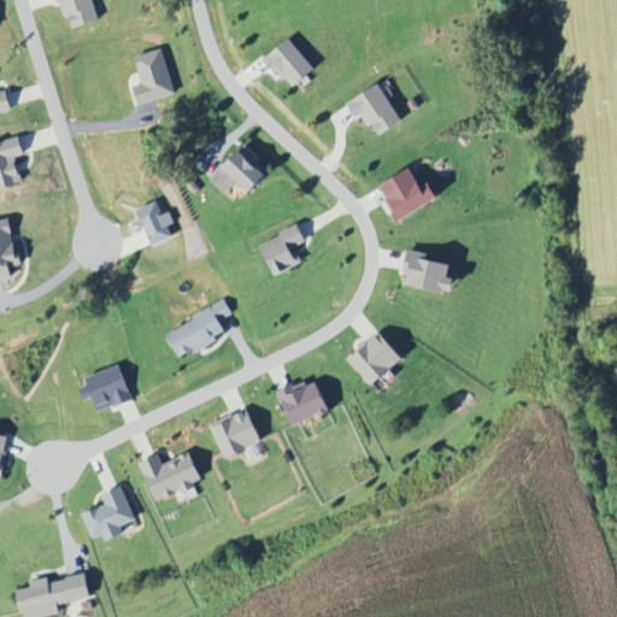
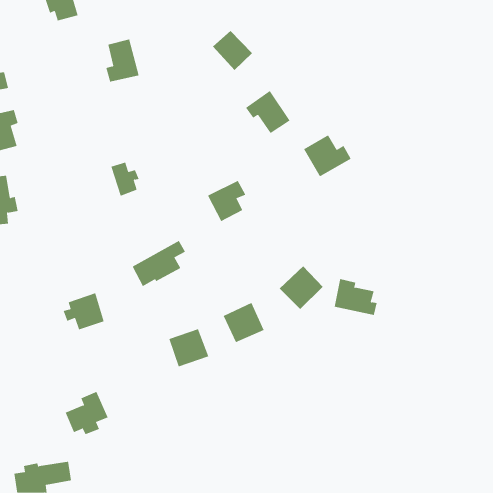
building: [346,82,402,136] -> [245,90,291,134]
building: [210,149,265,194] -> none
building: [400,248,454,294] -> [334,279,377,315]
building: [139,451,200,504] -> none

